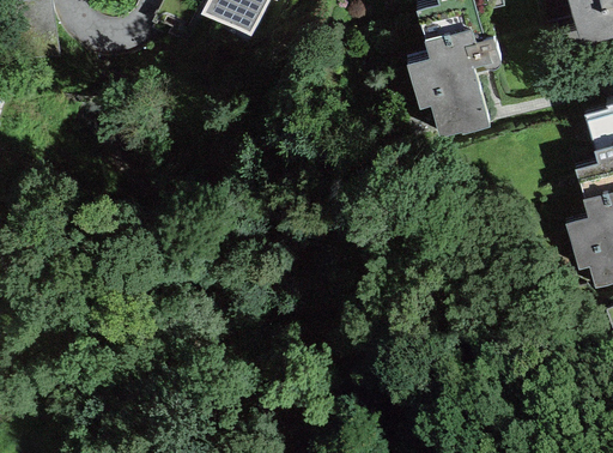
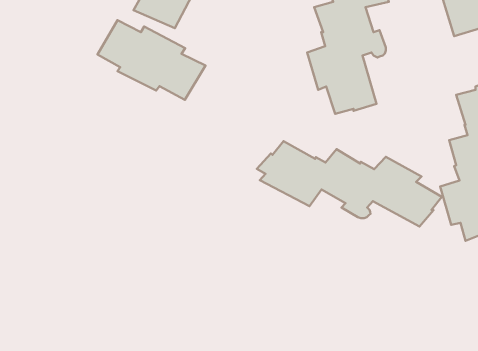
building: none -> [98,20,206,100]
building: none -> [257,141,442,226]

